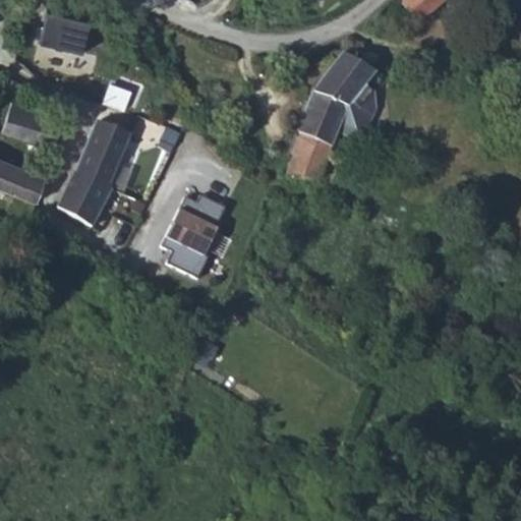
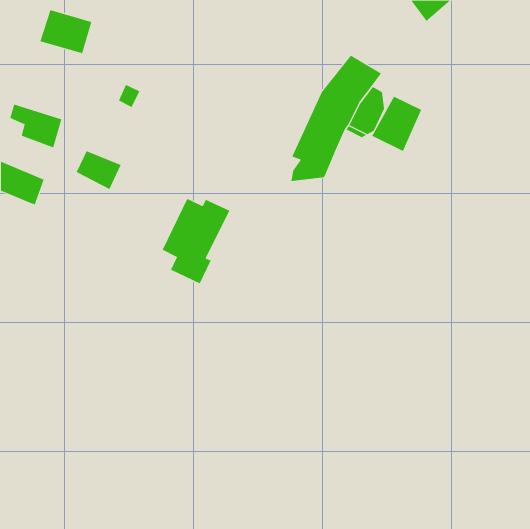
building: none -> [371,96,422,152]
building: [84,104,135,163] -> none
building: [48,170,109,241] -> none

